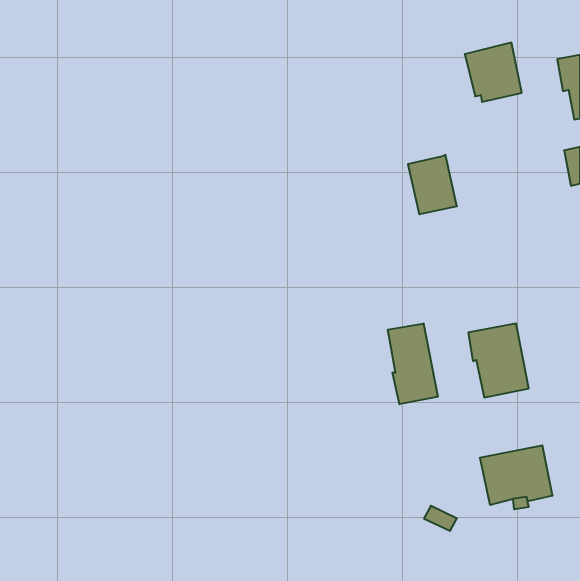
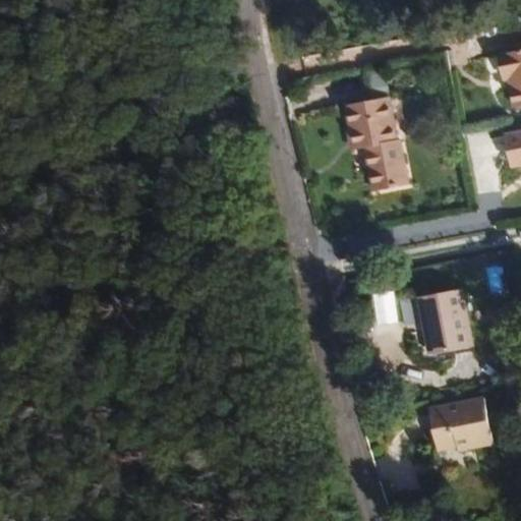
building: [465,43,522,102] -> [345,95,396,148]
building: [388,323,438,404] -> none

